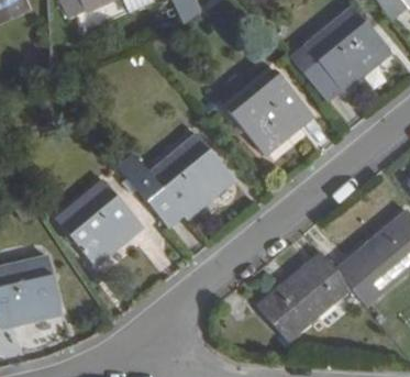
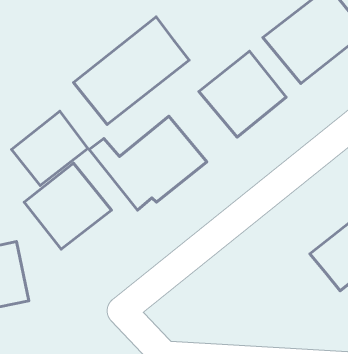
building: none -> [74,17,189,125]
building: none -> [12,111,88,186]
building: [257,252,353,341] -> none

